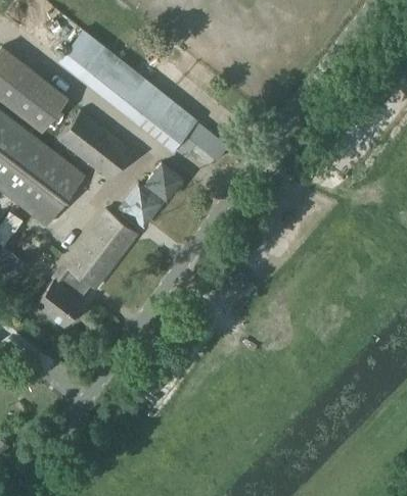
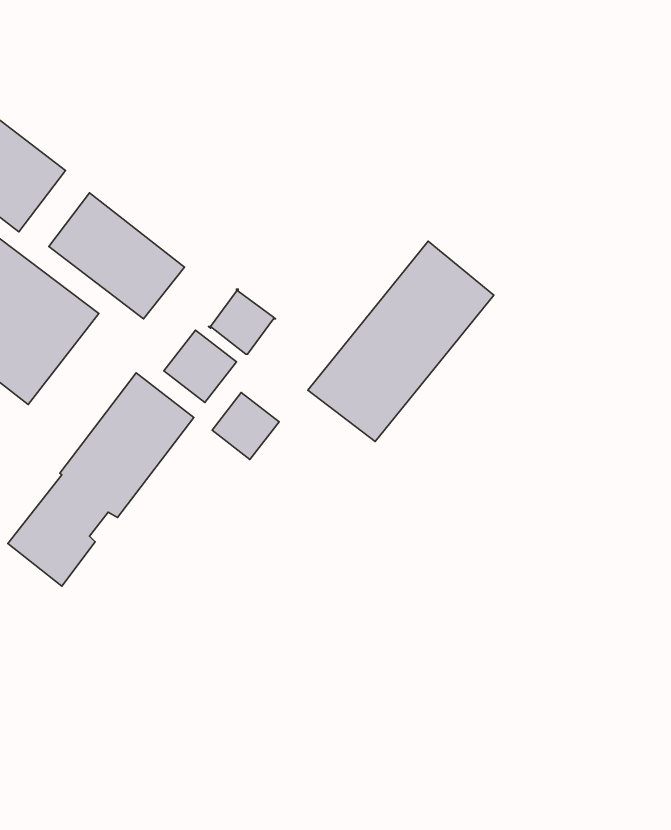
building: [61,32,229,164] -> none
building: none -> [308,241,494,441]
building: none -> [212,392,279,460]

